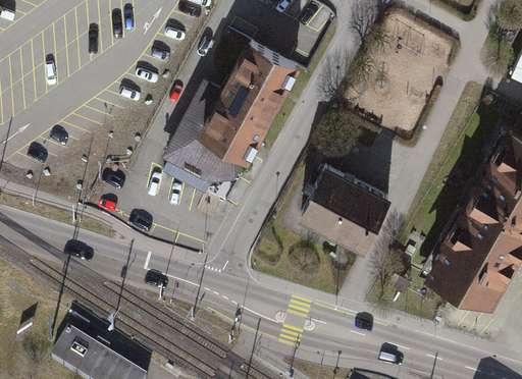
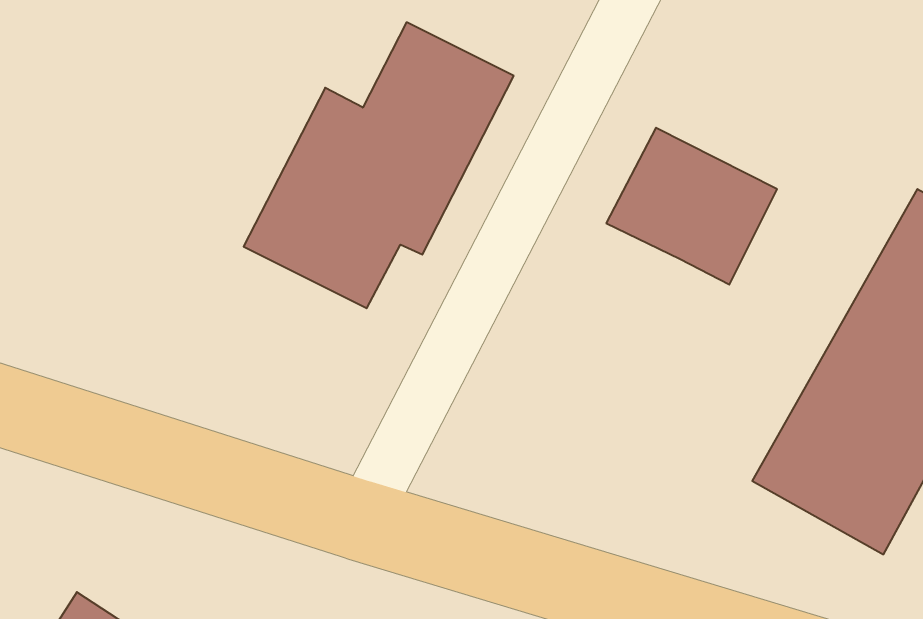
building: [305,165,393,246] -> [606,128,777,285]

